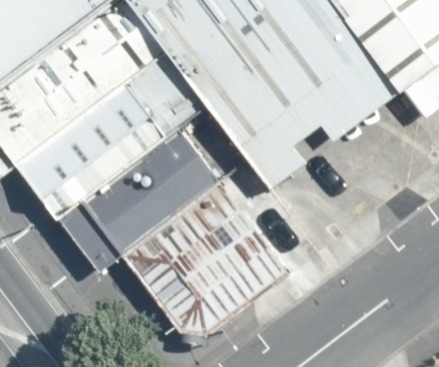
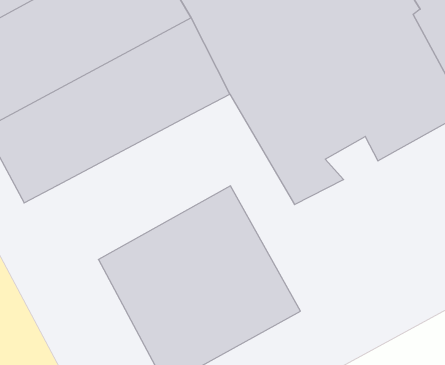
building: [81,130,220,259] -> none

